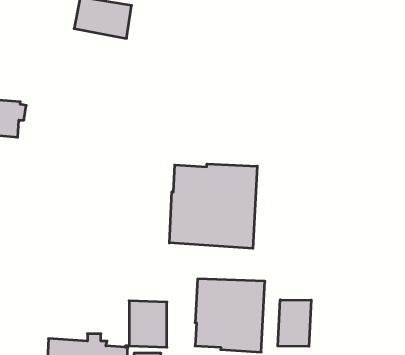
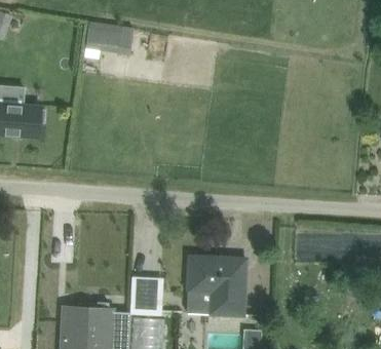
building: [169,164,257,248] -> none
building: [278,300,311,346] -> none

